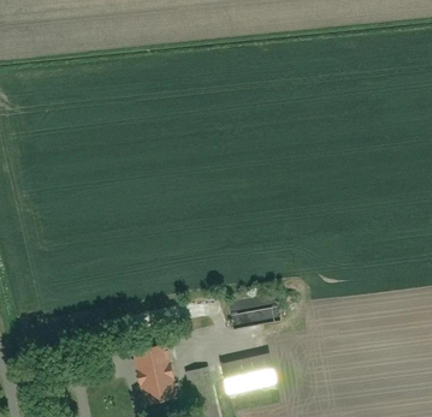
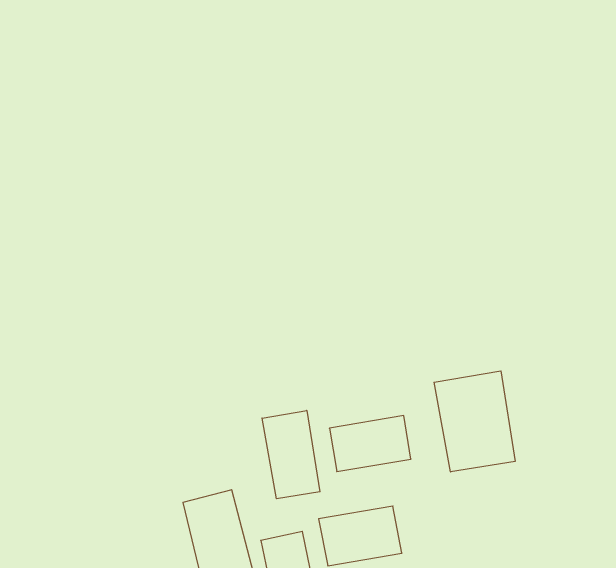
building: none -> [434,371,515,472]
building: none -> [262,410,320,499]

